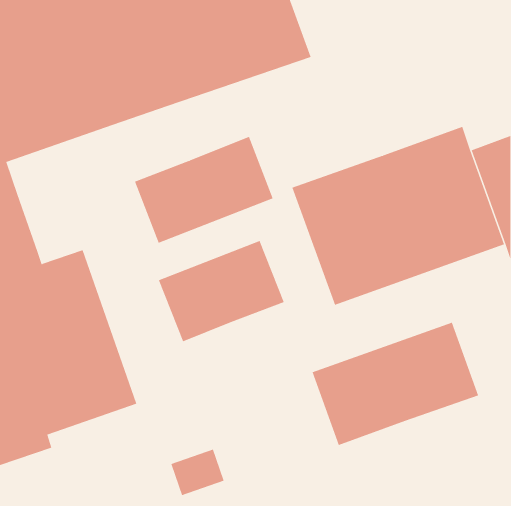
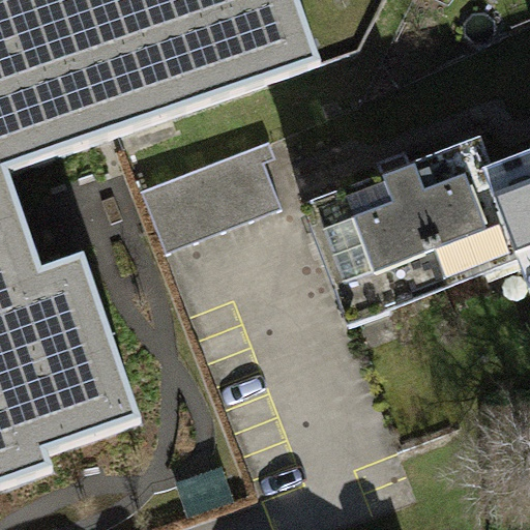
building: [158,240,284,342] -> none
building: [312,322,479,446] -> none

